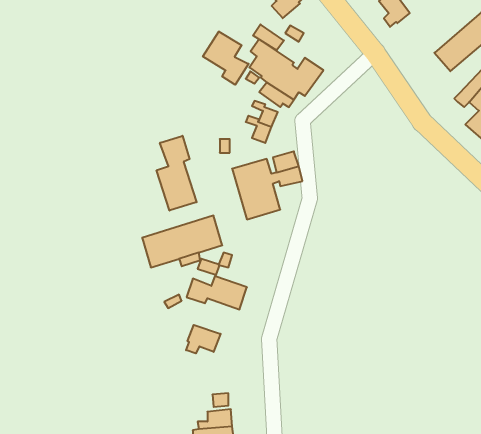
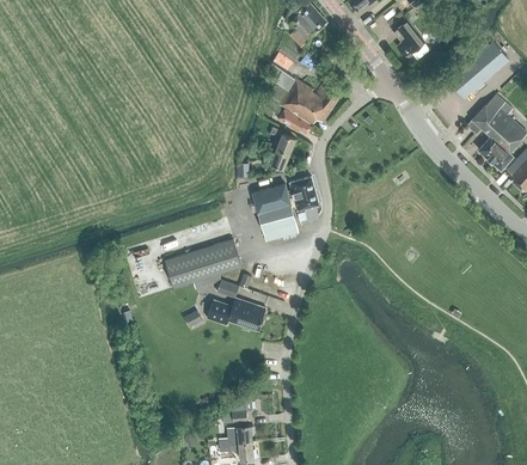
building: [203,31,249,85] -> none
building: [157,136,197,211] -> none
building: [186,325,221,353] -> none

